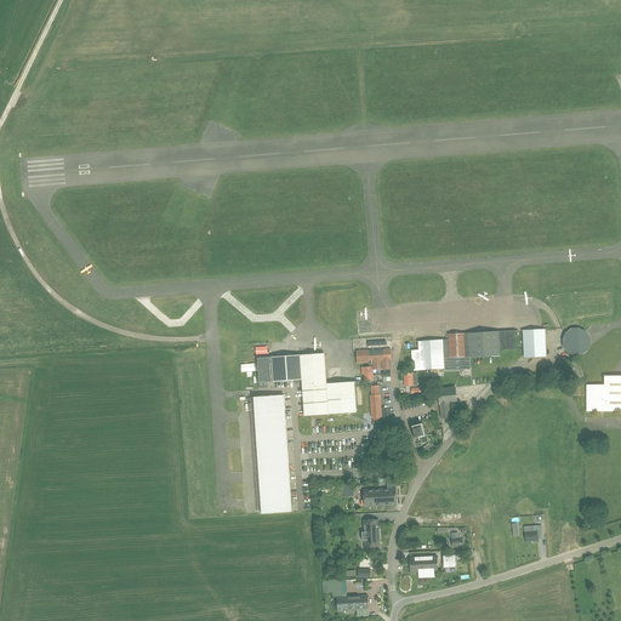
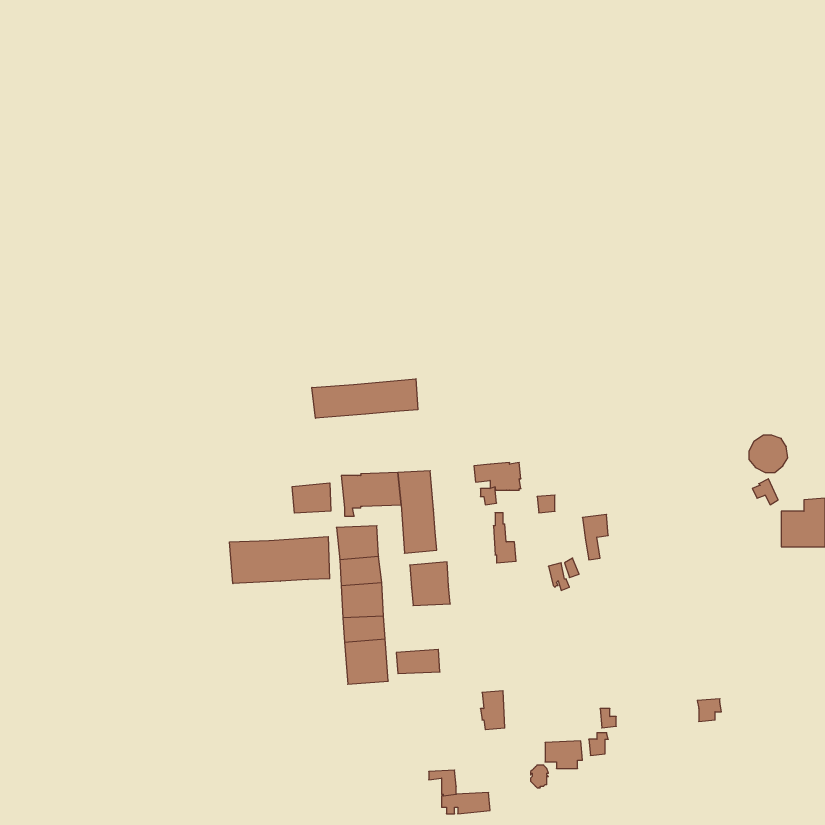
building: none -> [312,379,418,418]
building: [410,329,515,370] -> none
building: [523,329,546,355] -> none
building: none -> [292,483,331,513]
building: [325,380,355,412] -> [410,562,450,606]
building: none -> [230,537,330,584]
building: [363,486,395,505] -> [396,649,440,674]

